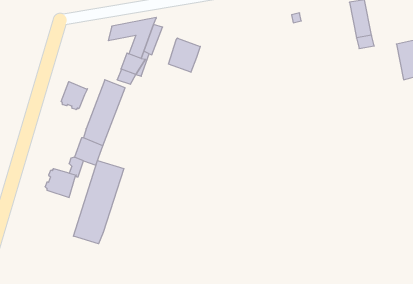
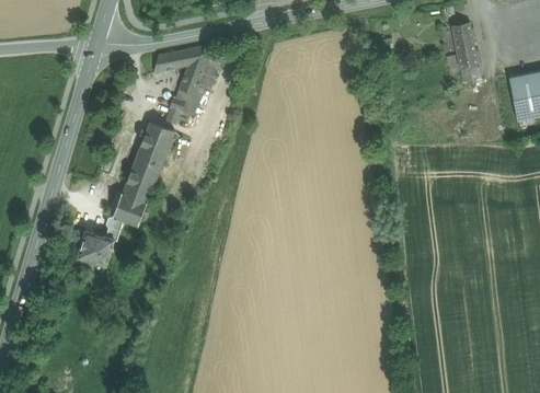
building: [168,38,200,72] -> none
building: [61,82,87,110] -> none
building: [73,160,124,244] -> none

